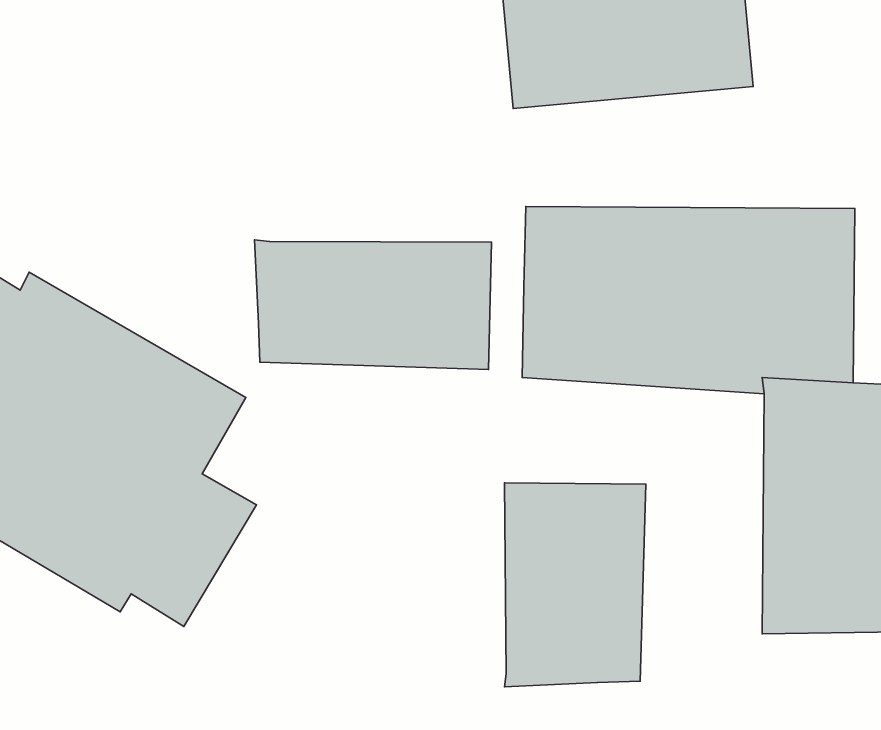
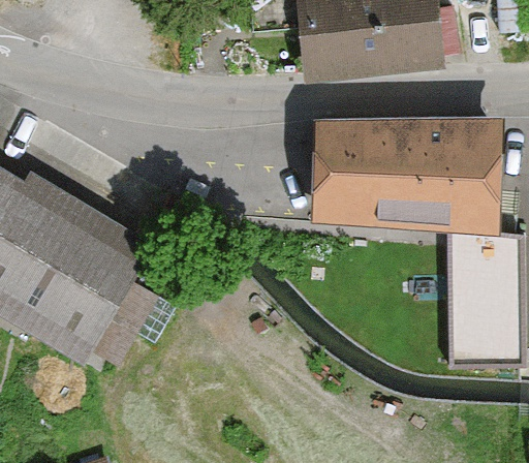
building: [254,240,491,370] -> none
building: [504,483,646,687] -> none

